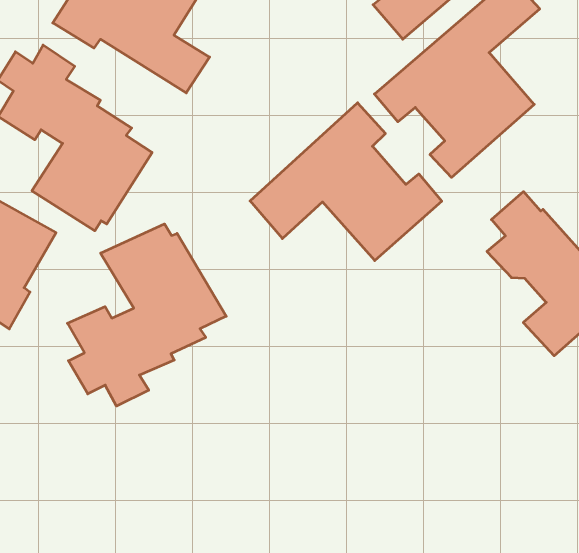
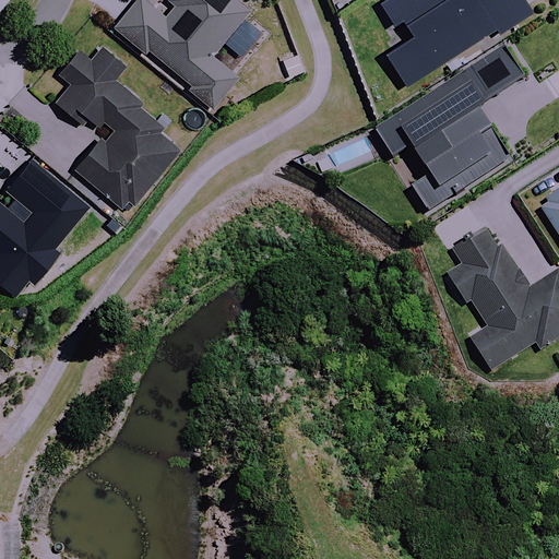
building: [250,103,442,261] -> none
building: [67,224,226,406] -> none

